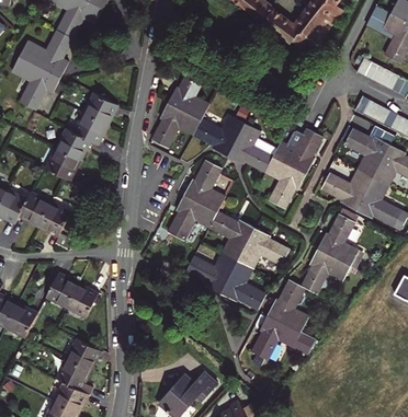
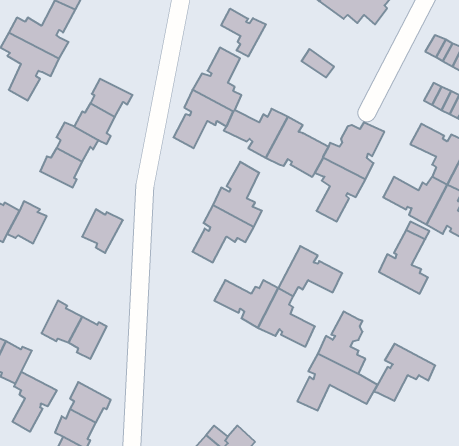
building: none -> [221,9,266,57]
building: [38,202,71,238] -> [82,209,123,253]
building: [207,211,253,260] -> none
building: [301,247,350,293] -> [374,344,435,401]
building: none -> [12,372,57,432]

